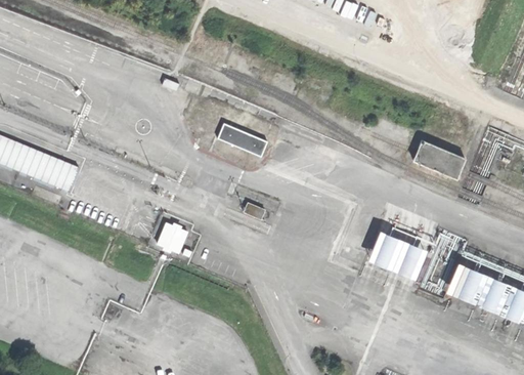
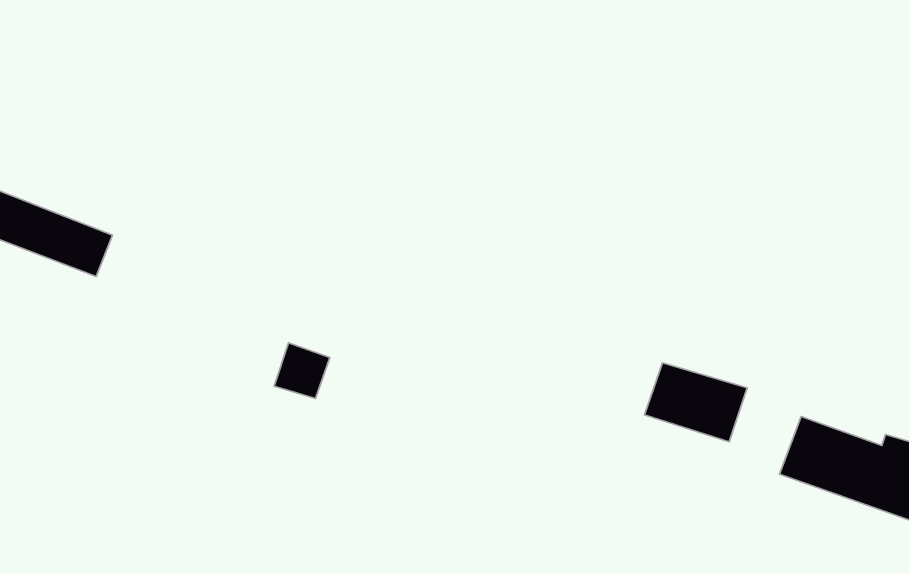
building: [220,124,269,158] -> none
building: [414,141,468,180] -> none

